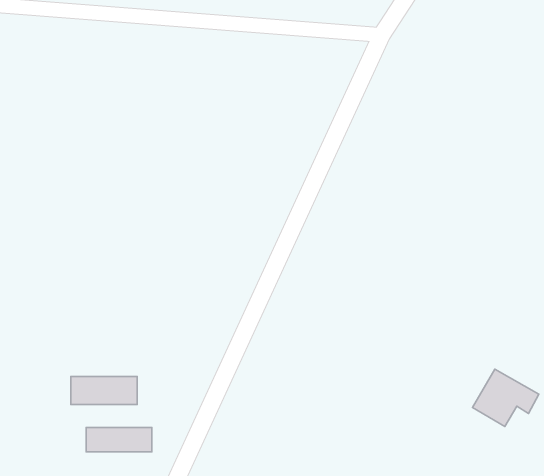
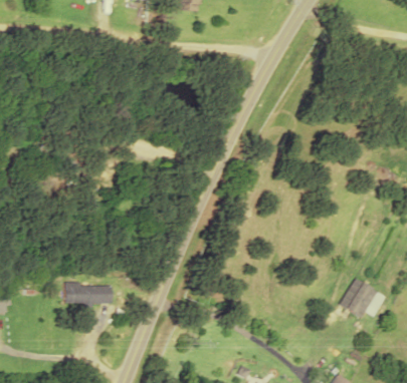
building: [86,428,152,452] -> none

